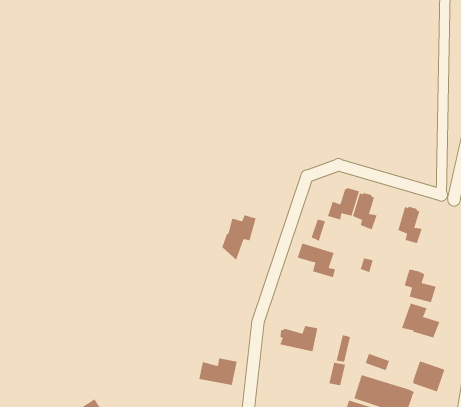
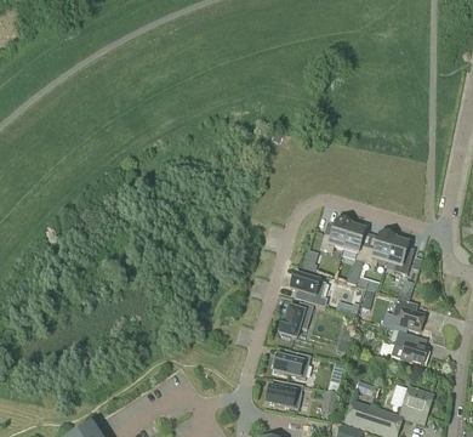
building: none -> [363,231,394,262]
building: [221,214,257,261] -> [278,301,312,346]
building: [198,358,237,385] -> [266,380,303,407]

